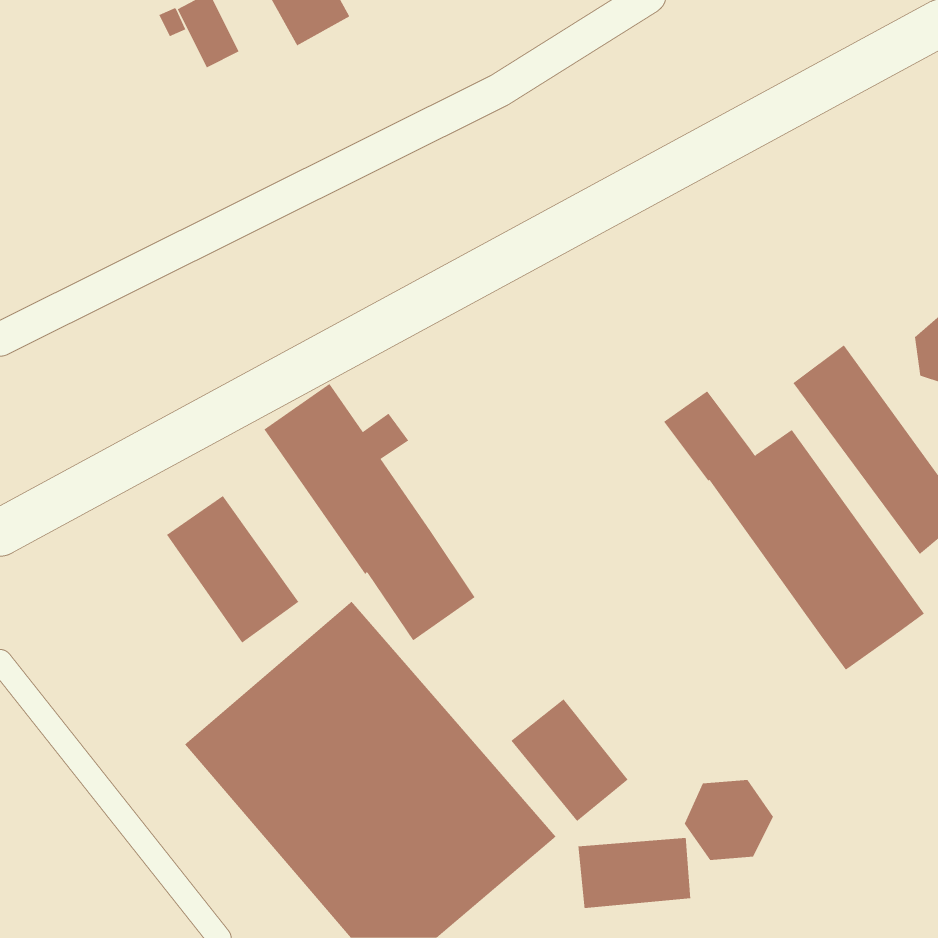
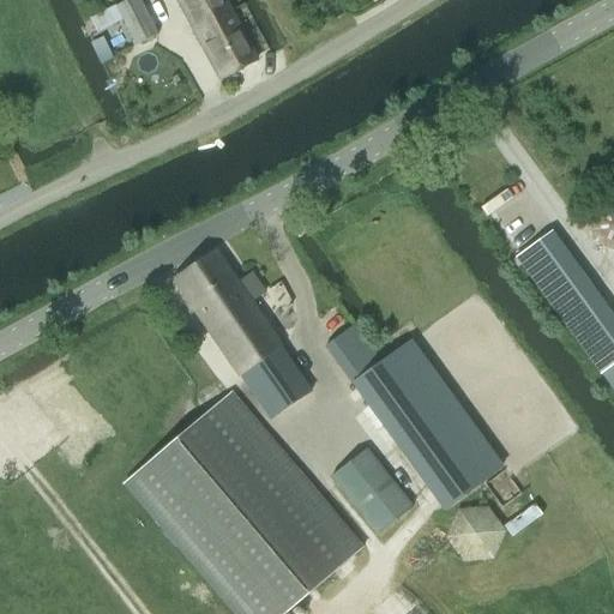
building: none -> [195,11,257,79]
building: [663,390,925,671] -> [326,324,496,506]
building: [166,495,299,644] -> none
building: [578,837,691,909] -> none

